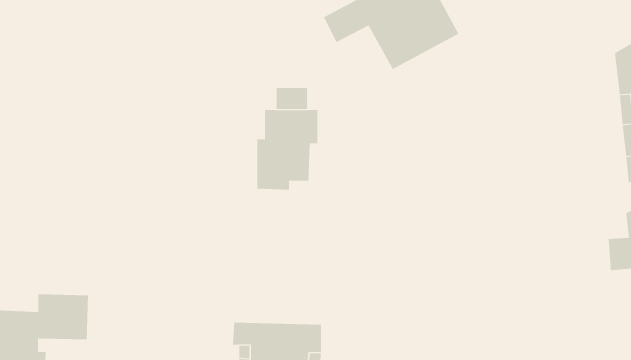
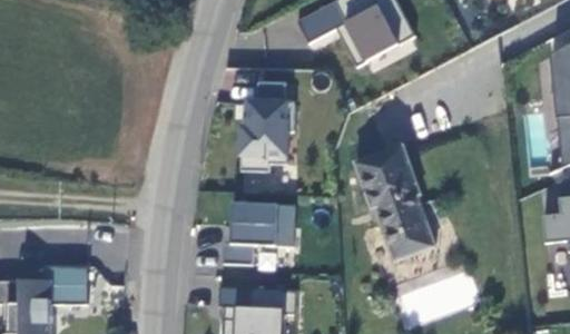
building: none -> [353,139,435,256]
building: none -> [220,203,293,265]

